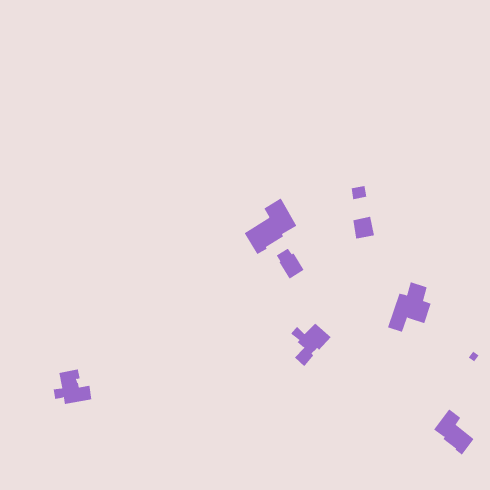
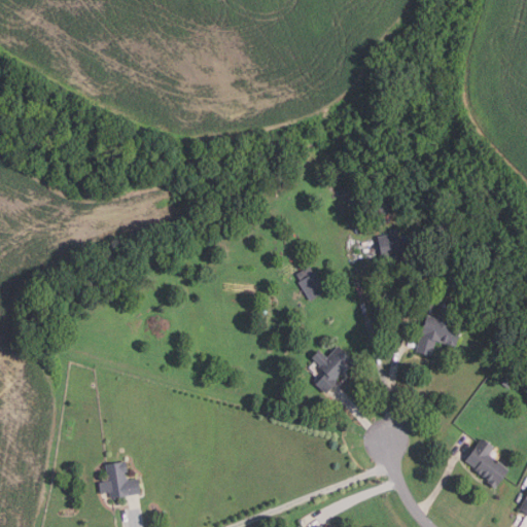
building: [244,198,297,255] -> none
building: [53,369,92,404] -> [98,461,140,499]

